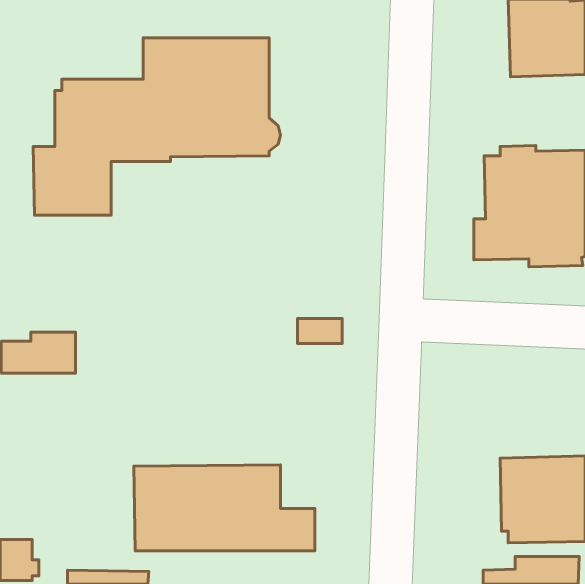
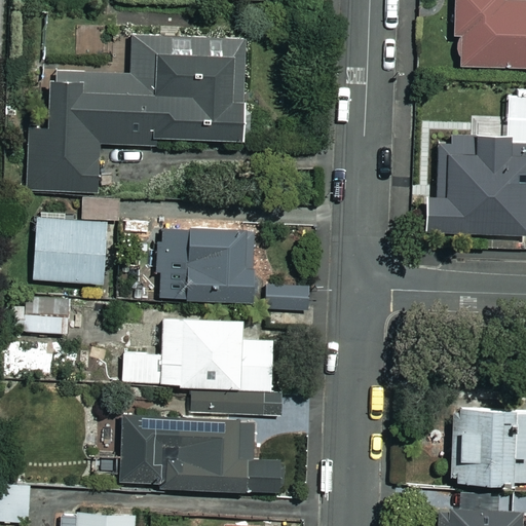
building: none -> [35,212,114,281]
building: none -> [155,230,256,300]
building: none -> [111,312,273,409]

